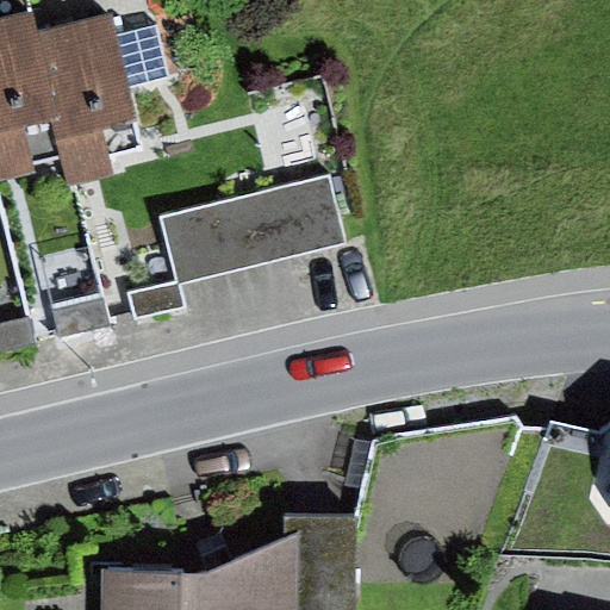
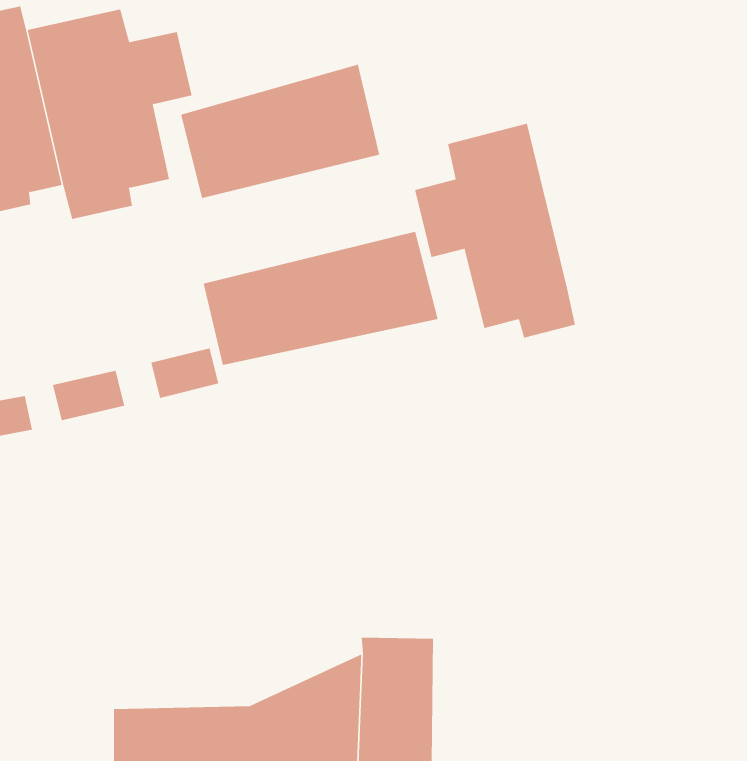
building: none -> [181,64,380,199]
building: none -> [415,123,576,339]

